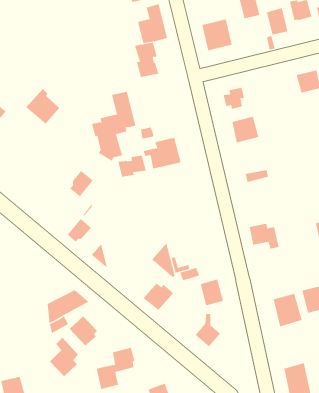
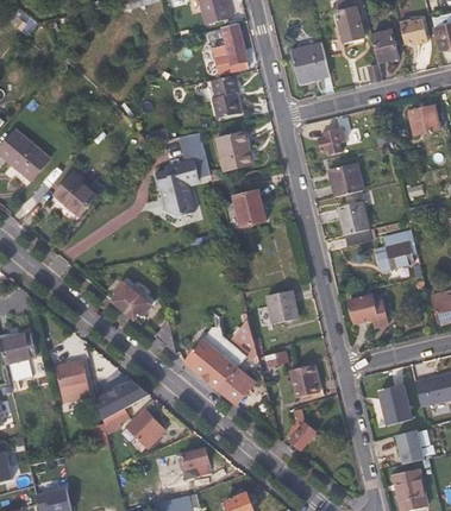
building: [26,88,60,125] -> [54,170,96,215]
building: none -> [217,131,252,169]
building: none -> [338,201,369,234]
building: [118,155,146,178] -> none
building: none -> [377,228,419,271]
building: [69,170,93,197] -> [112,276,142,309]
building: none -> [267,289,299,323]
building: none -> [186,339,238,387]
building: none -> [55,359,89,397]
building: none -> [396,427,426,462]
building: [49,337,79,377] -> none

